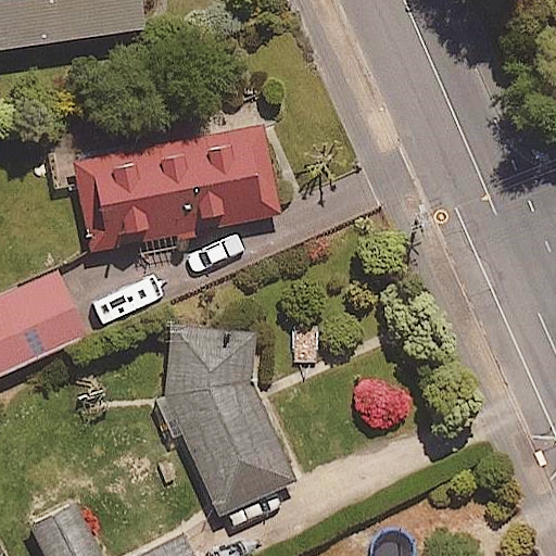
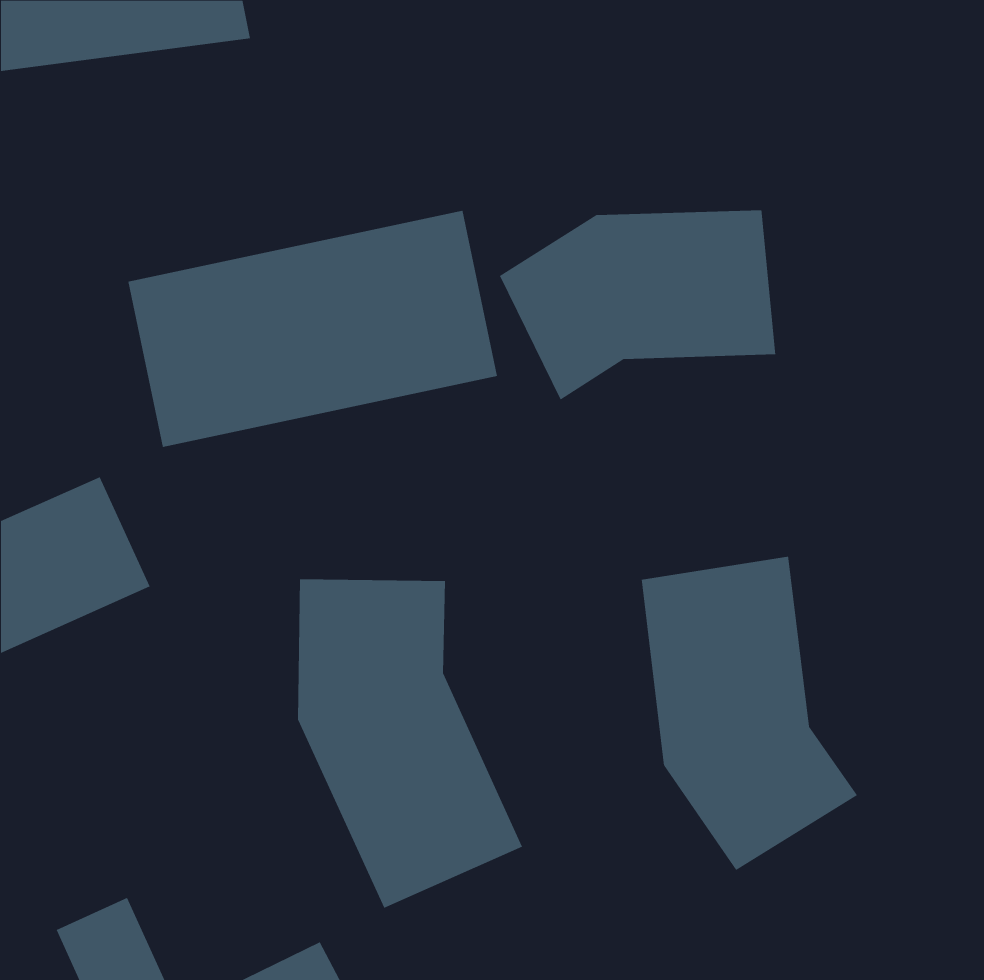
building: none -> [499,209,776,401]
building: none -> [641,556,858,871]

